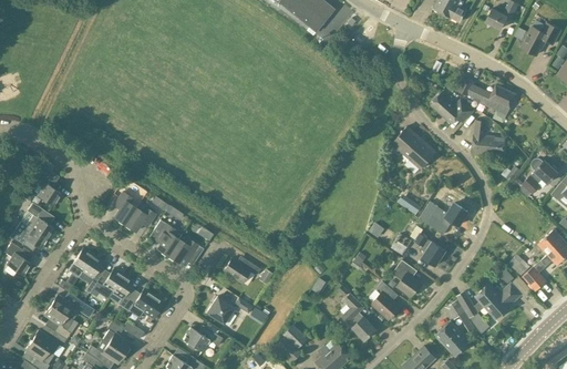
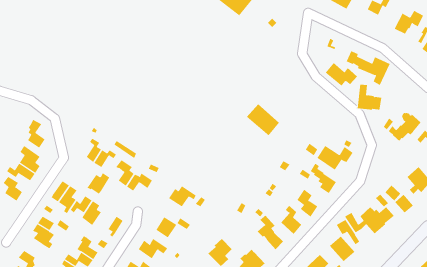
building: [392,126,436,170] -> [246,103,280,136]
building: [124,288,155,317] -> [87,173,110,194]
building: [33,325,68,353] -> none

